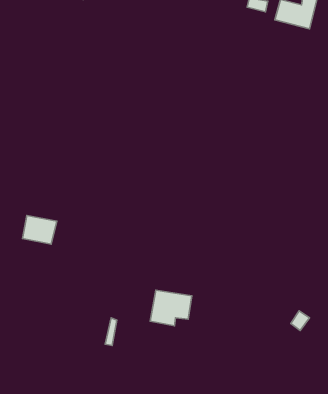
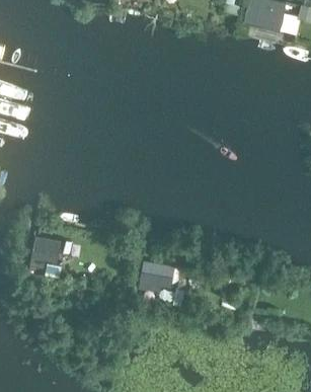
building: [22,216,57,244] -> [31,238,62,263]

